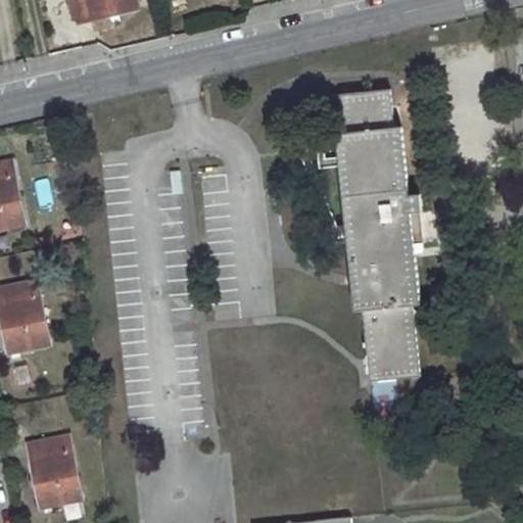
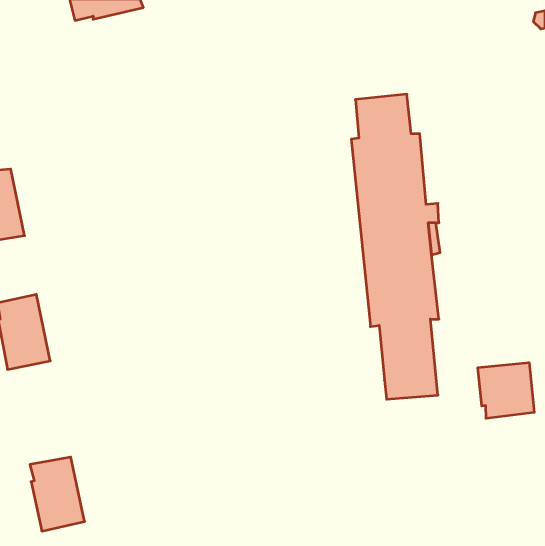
building: none -> [478,363,534,418]

